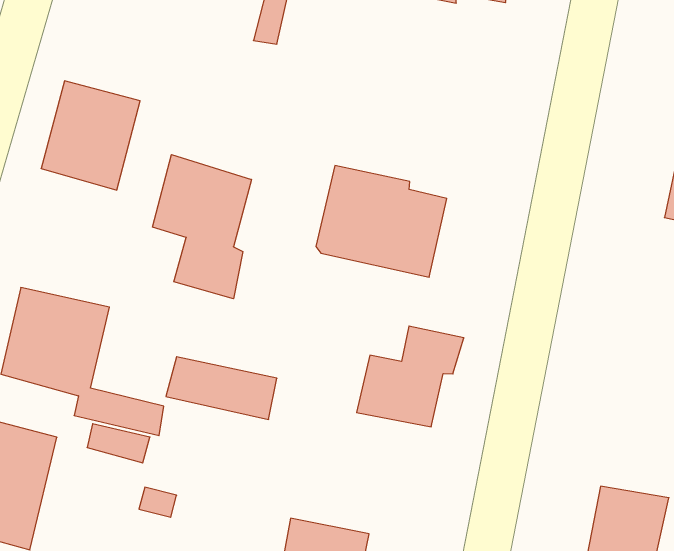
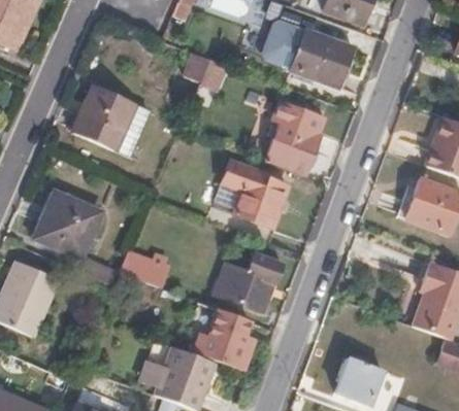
building: none -> [265,98,325,173]
building: [153,155,251,299] -> none
building: none -> [192,307,255,367]

